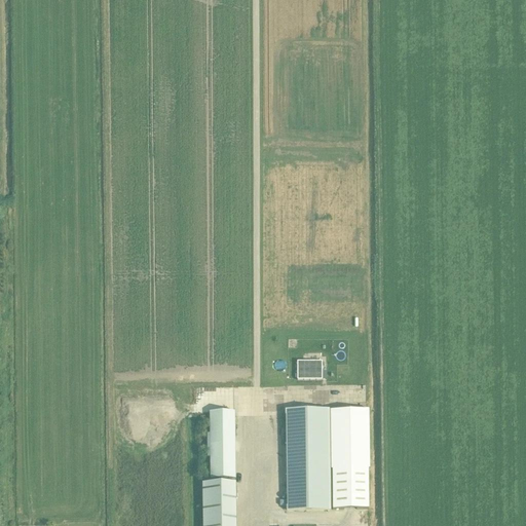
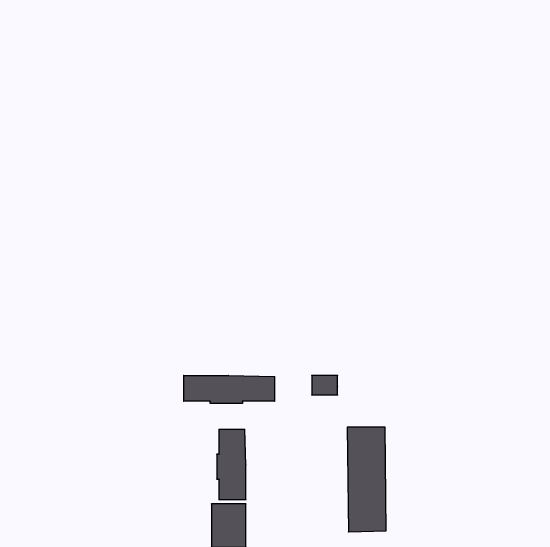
building: none -> [184,375,275,403]
building: [287,407,330,506] -> none

